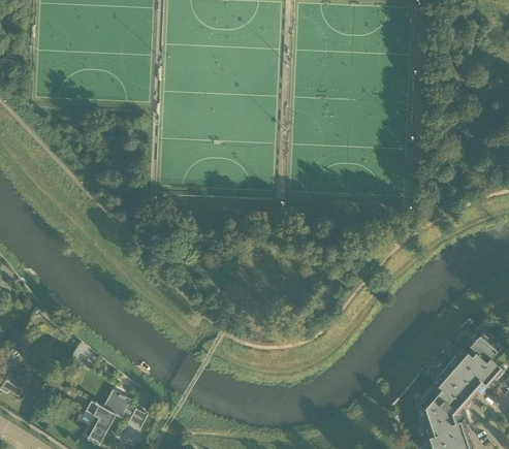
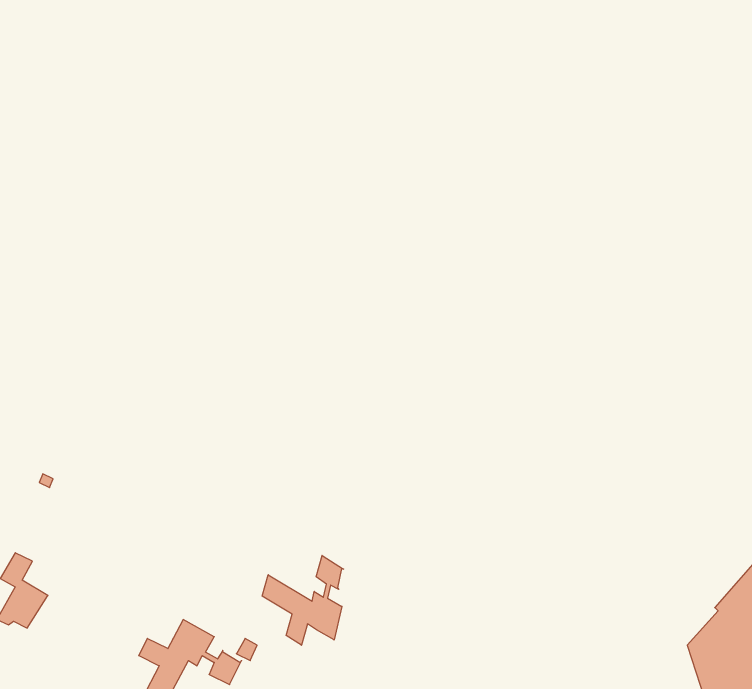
building: none -> [262,555,344,645]

